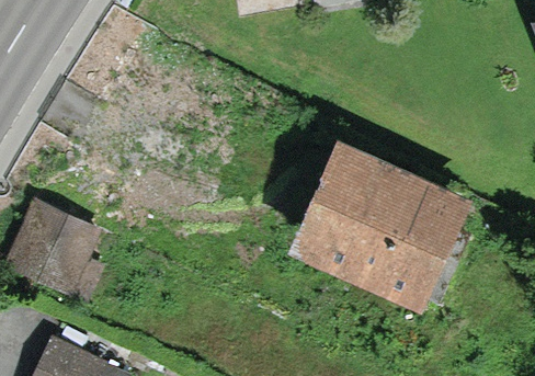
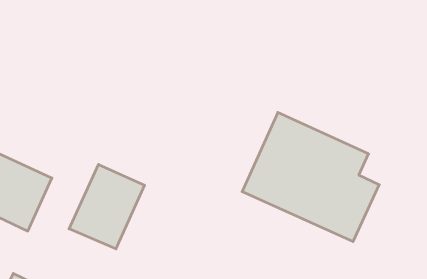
building: none -> [69,164,145,249]

